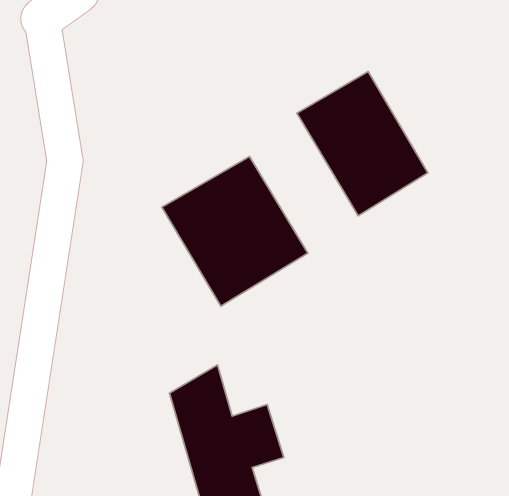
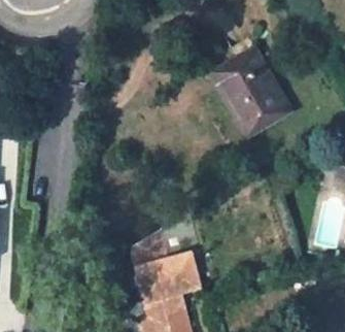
building: [162,157,308,306] -> none

